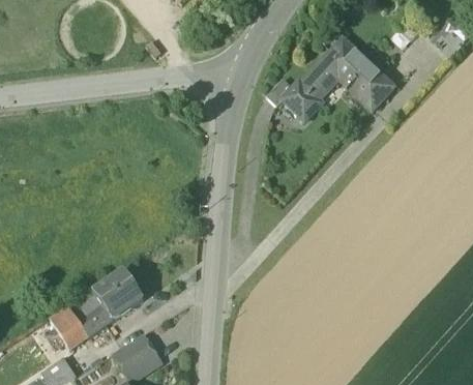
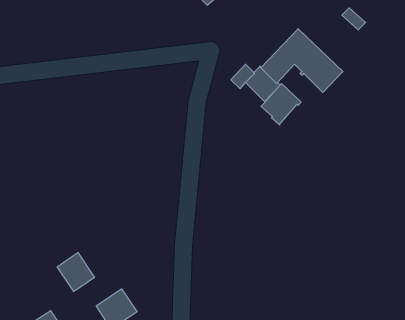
building: none -> [261,84,301,125]
building: [93,270,144,320] -> none
building: [52,308,88,349] -> none

